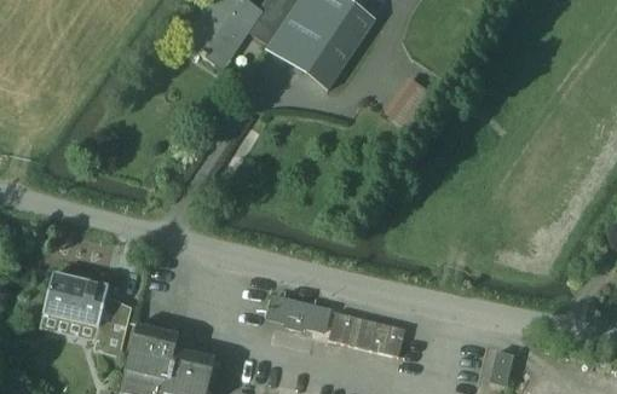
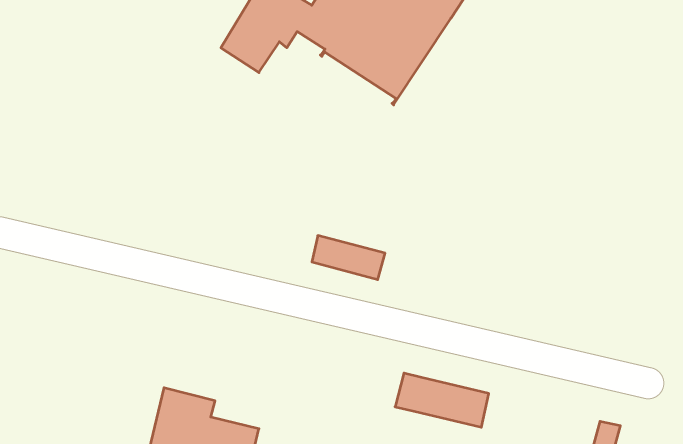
building: [44,273,132,357] -> none
building: [269,295,329,331] -> [312,236,385,280]

